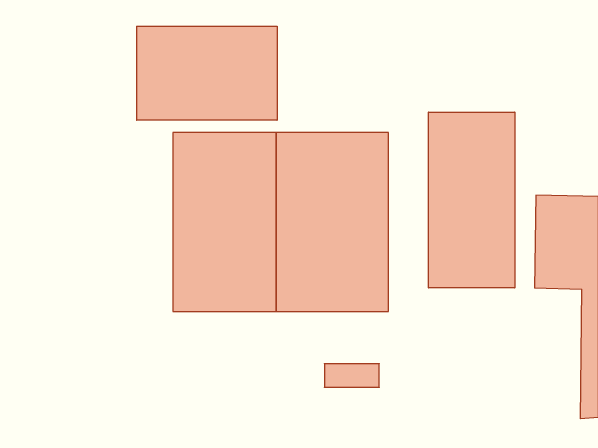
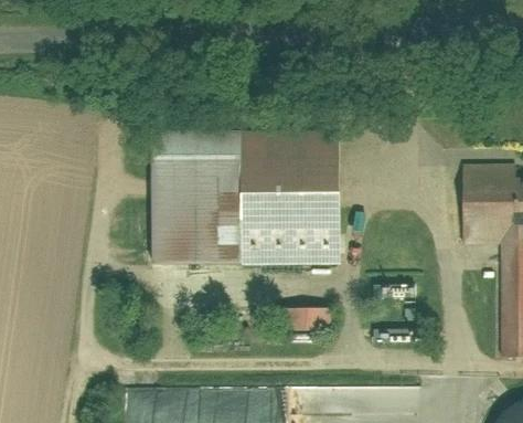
building: [137,26,277,120] -> none
building: [429,112,515,288] -> none

